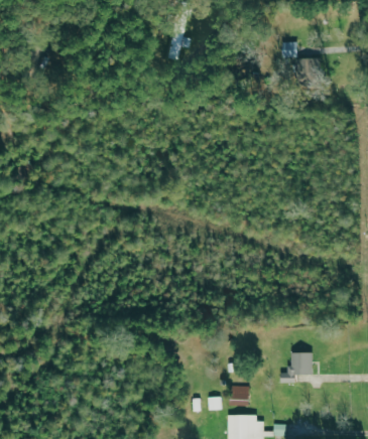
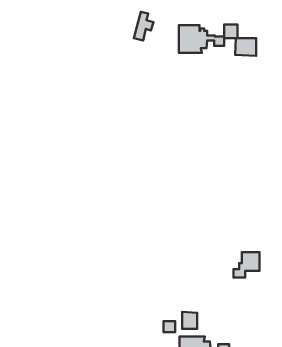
building: none -> [179,25,224,53]
building: [280,352,312,383] -> [233,252,260,277]

